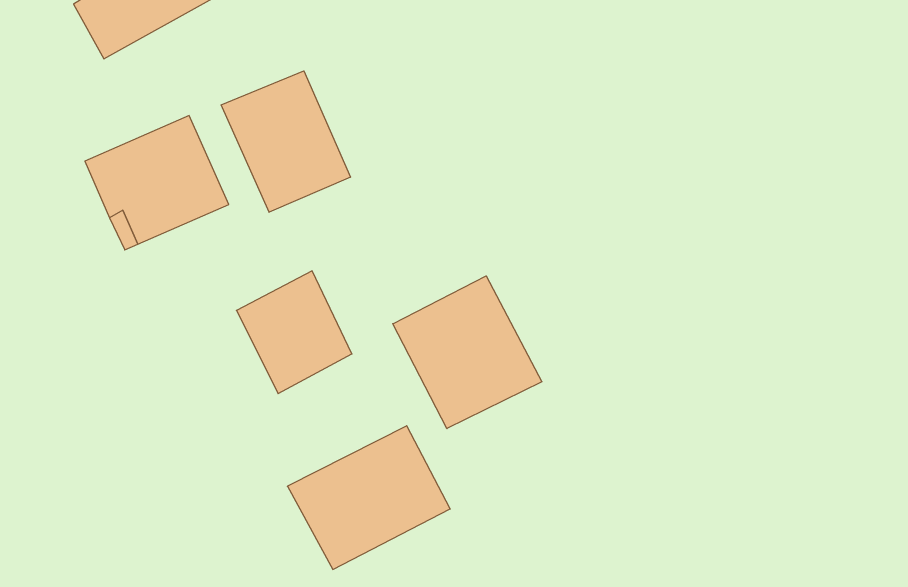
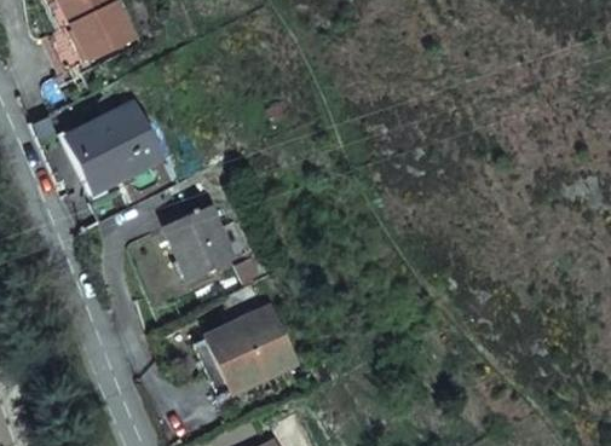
building: [221,71,350,212] -> none
building: [393,276,542,429] -> none

